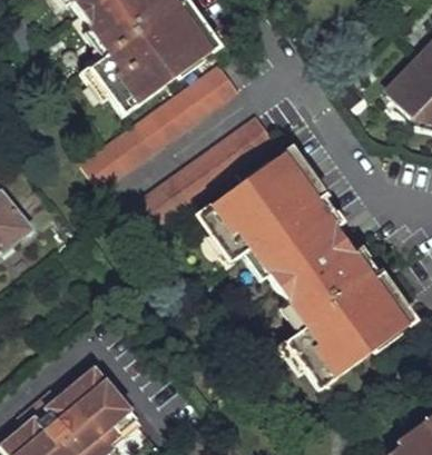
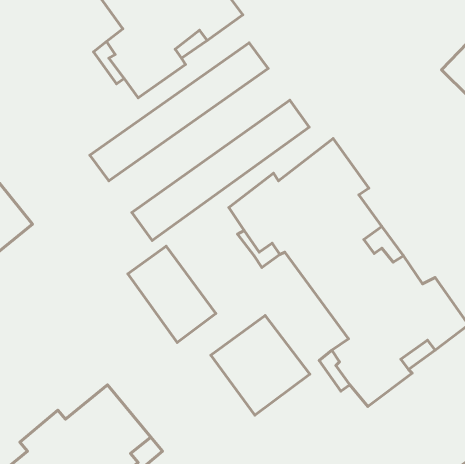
building: none -> [128,246,216,342]
building: none -> [211,315,310,415]

